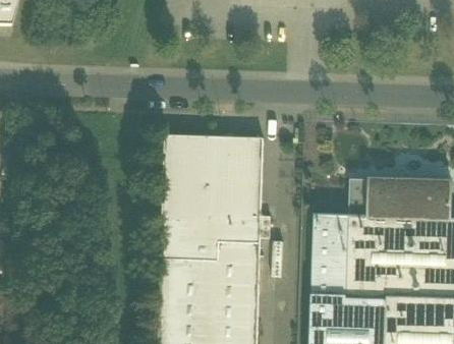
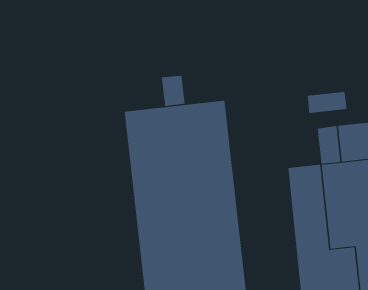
building: none -> [161,75,185,107]
building: none -> [307,91,347,114]

